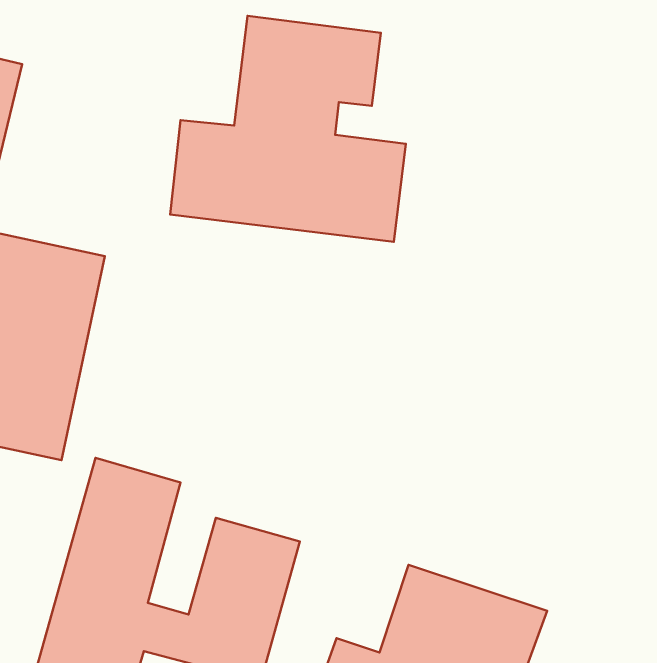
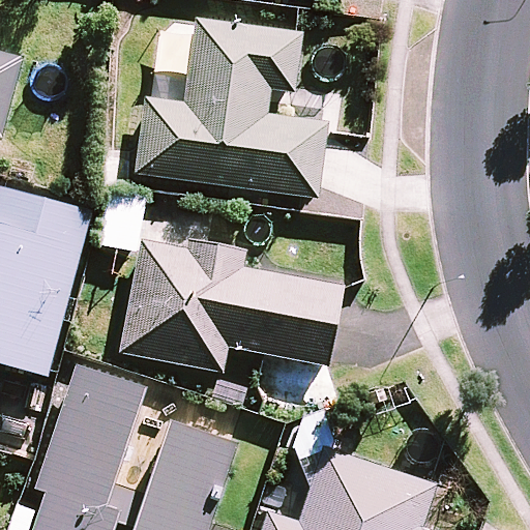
building: none -> [120,239,340,370]

